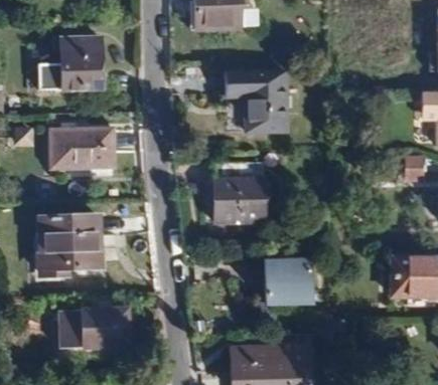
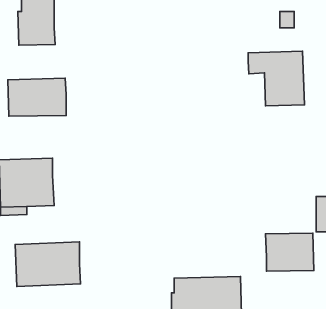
building: [226,70,288,131] -> [248,51,304,106]
building: [213,161,264,221] -> none
building: [257,258,310,301] -> [266,233,314,271]

